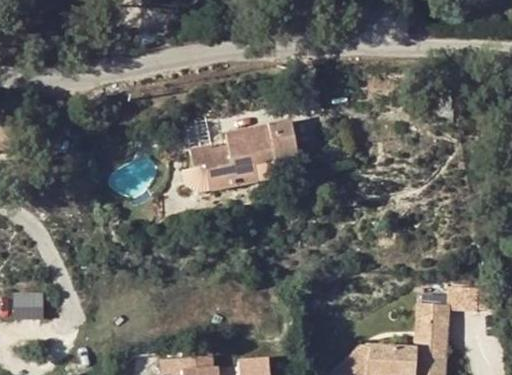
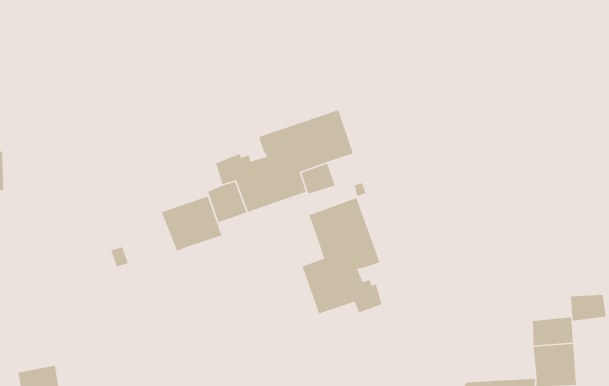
building: none -> [161,196,222,252]
building: none -> [302,197,383,315]

